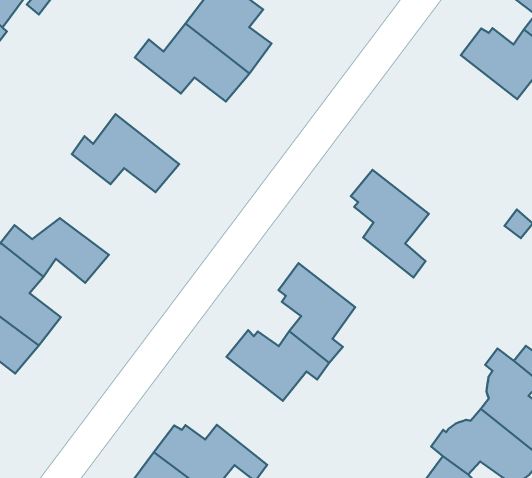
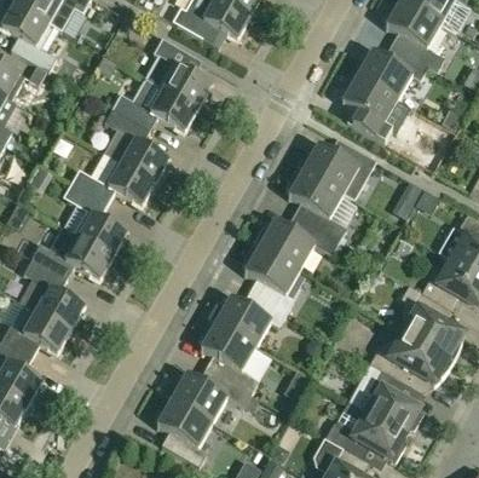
building: none -> [340,74,398,143]
building: none -> [104,109,169,183]
building: none -> [299,142,375,194]
building: none -> [64,186,127,257]
building: none -> [254,218,340,270]
building: none -> [198,319,260,395]

